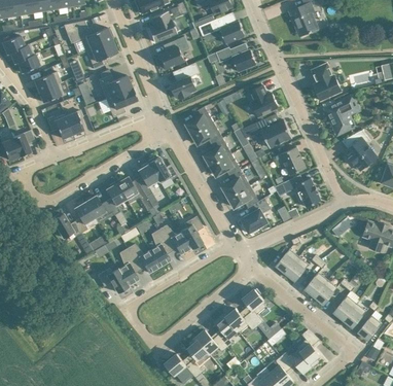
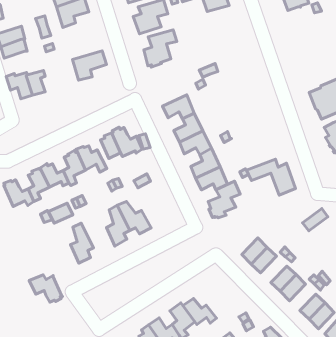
building: [207,43,256,72] -> none
building: [311,63,341,100] -> none
building: [98,74,132,98] -> none
building: [249,84,278,116] -> none
building: [185,106,213,134] -> none
building: [241,118,291,147] -> none
building: [275,146,306,175] -> none
building: [180,215,202,249] -> none
building: [126,243,158,273] -> none
building: [96,268,128,292] -> [29,275,63,302]
building: [243,288,265,325] -> none

